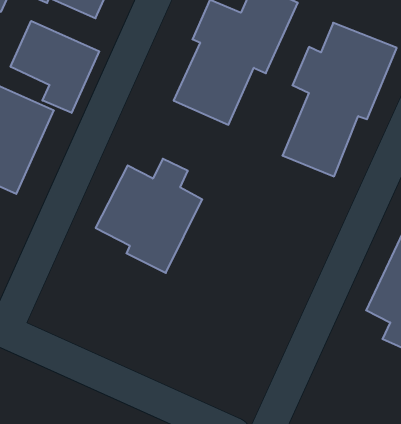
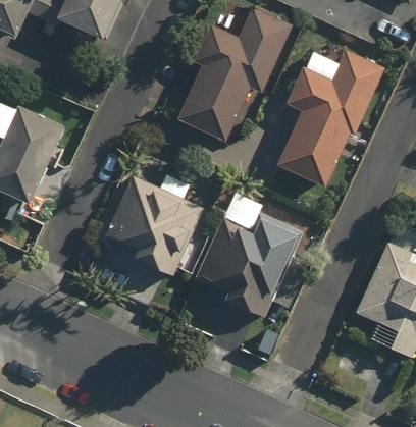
building: [11,21,99,113] -> none
building: none -> [197,210,301,338]

